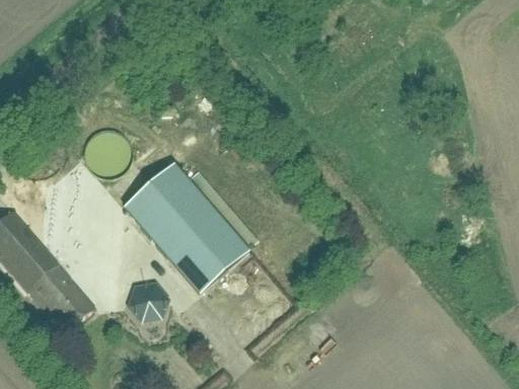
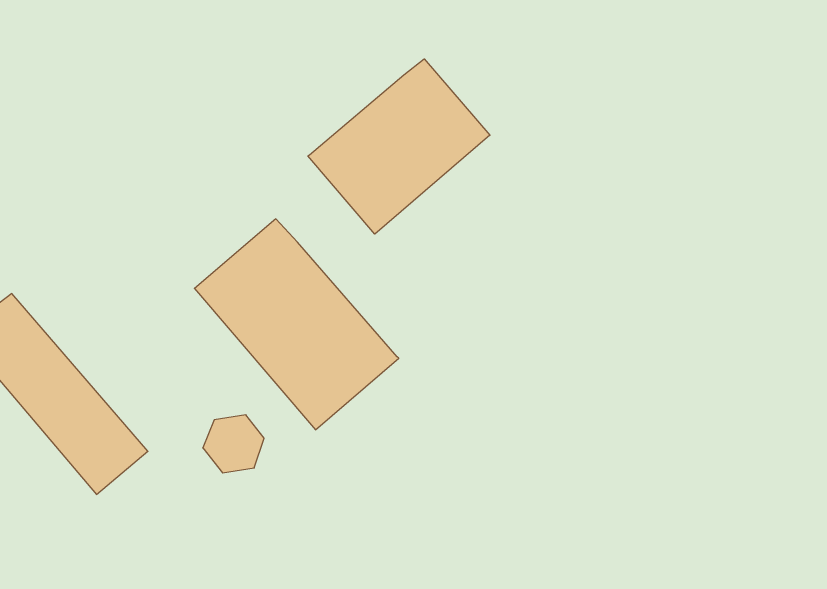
building: none -> [308,59,490,234]

